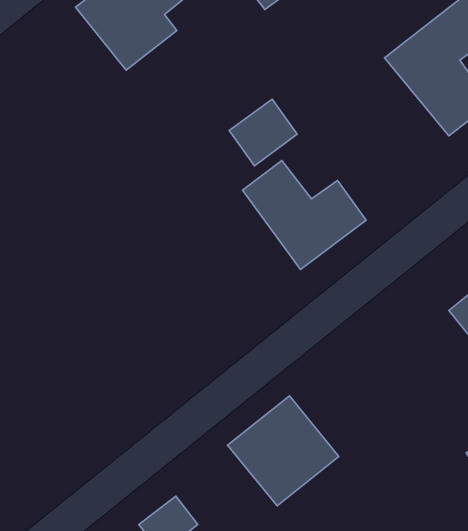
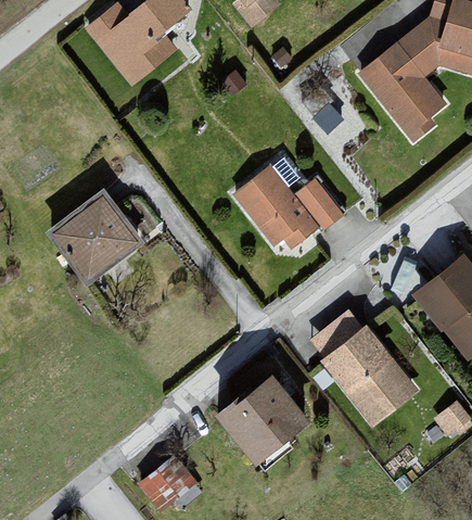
building: [229,99,297,166] -> none
building: none -> [44,187,135,275]
building: none -> [305,307,414,424]

